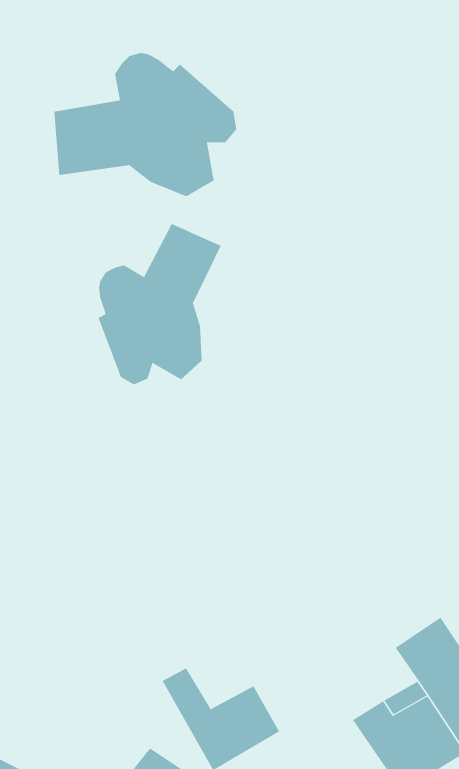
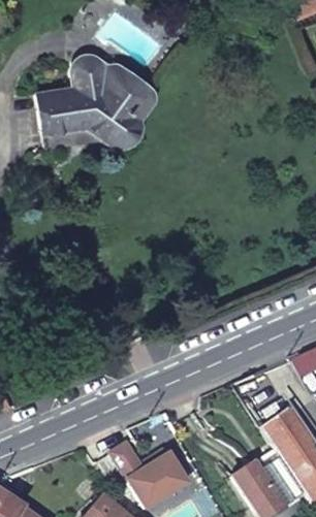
building: [98,223,221,385] -> none

